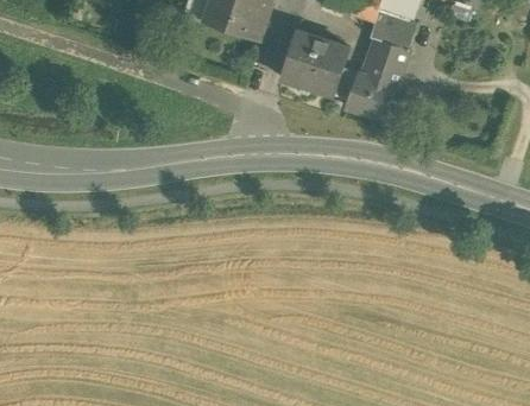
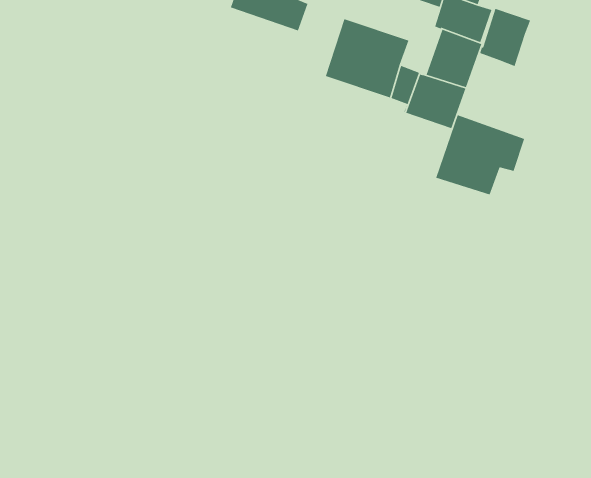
building: none -> [479,8,531,67]
building: none -> [435,114,525,195]

